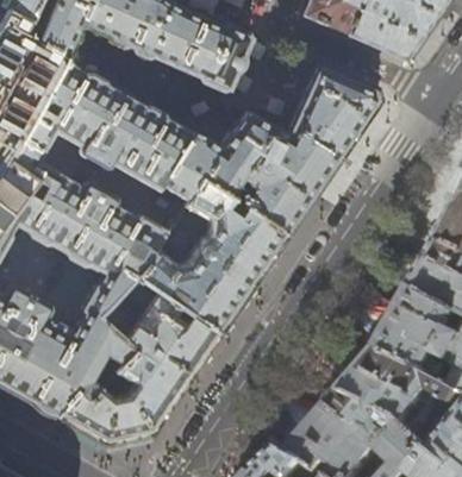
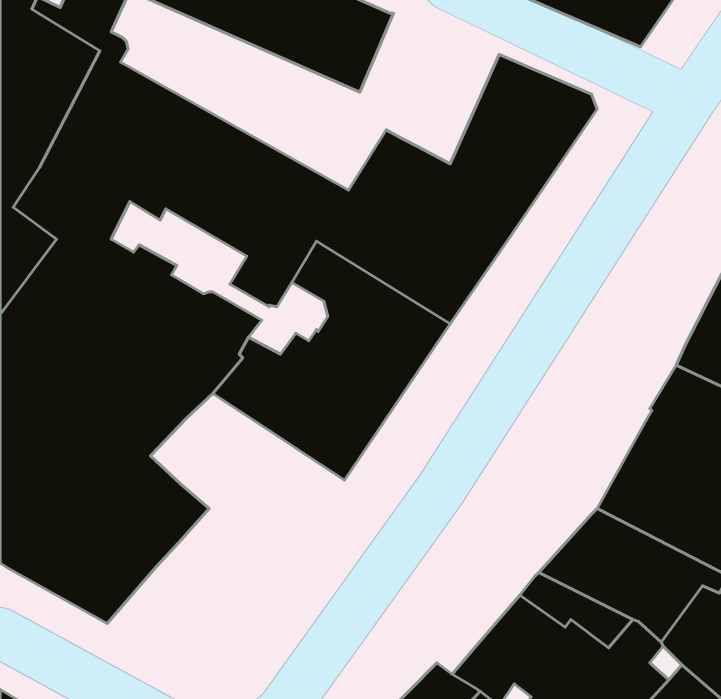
building: [68,280,218,444] -> none

